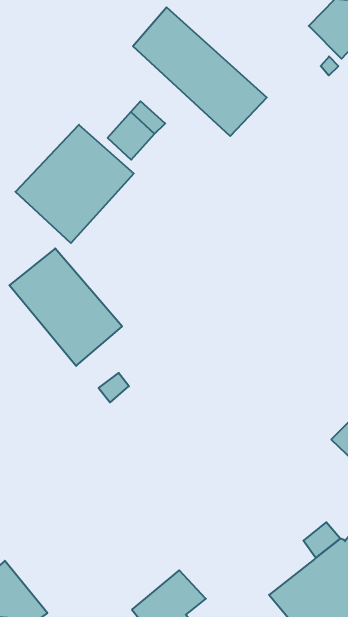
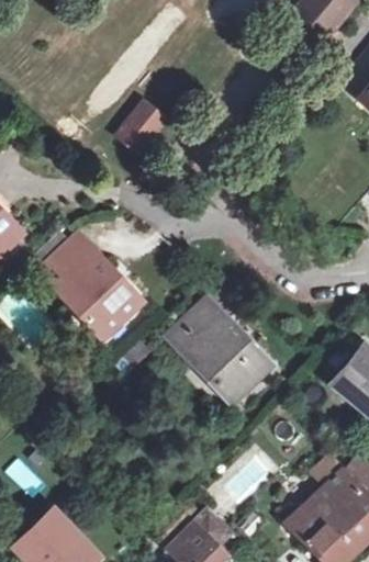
building: [133,7,267,136] -> none
building: [15,125,134,243] -> none
building: none -> [168,301,271,402]

